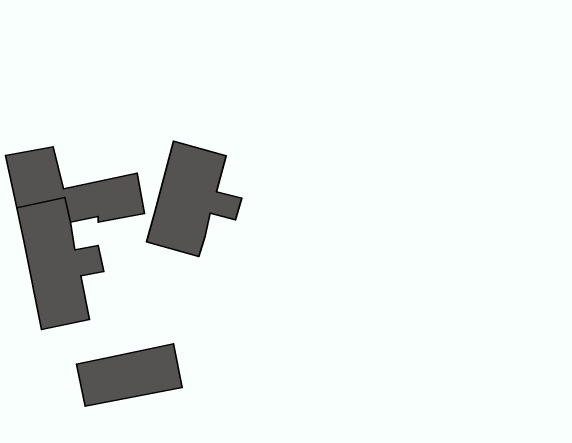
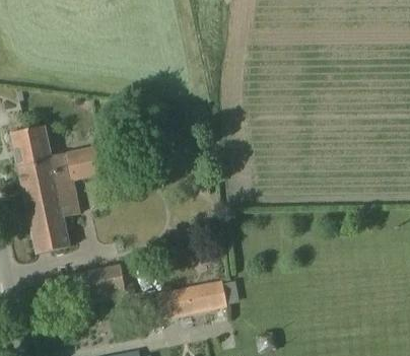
building: [146,141,242,256] -> none
building: none -> [156,279,226,316]

